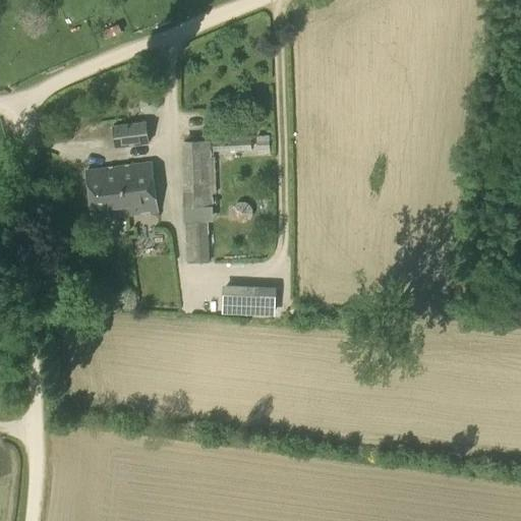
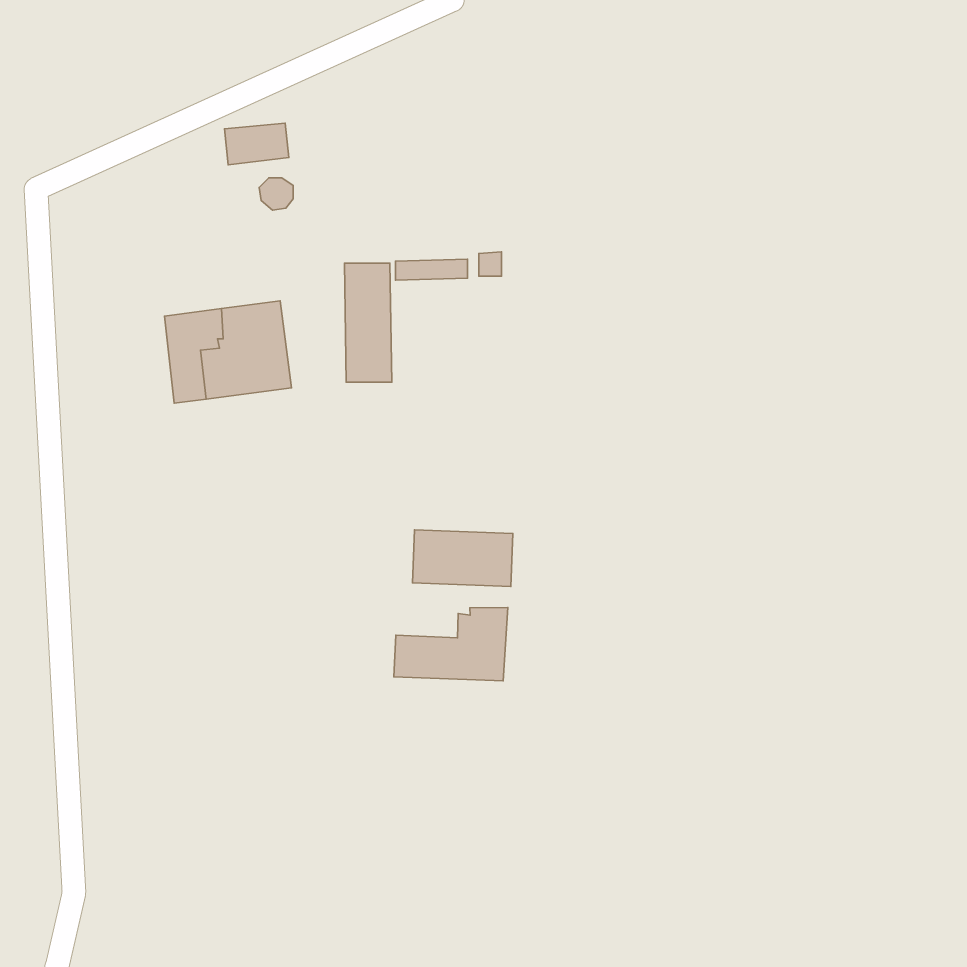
building: [114,122,149,144] -> [224,123,289,165]
building: [187,221,209,264] -> none
building: none -> [394,608,508,681]

